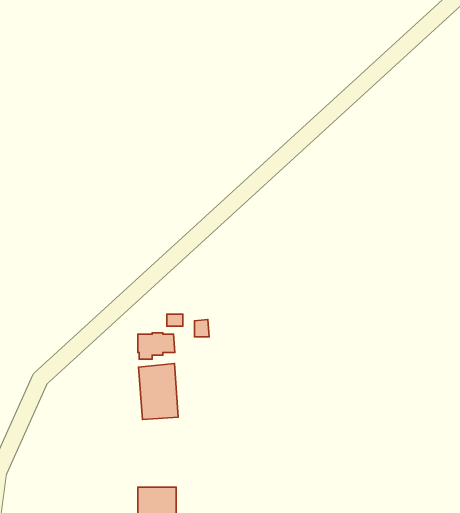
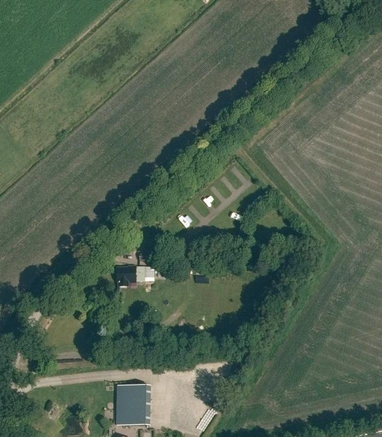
building: [139,363,178,420] -> none

